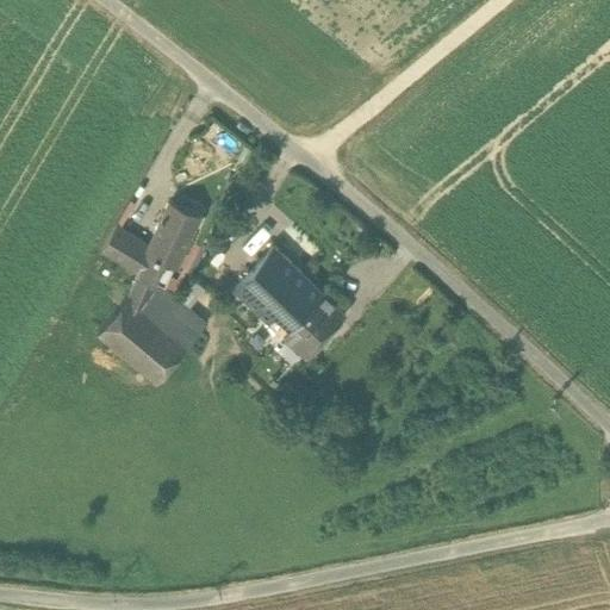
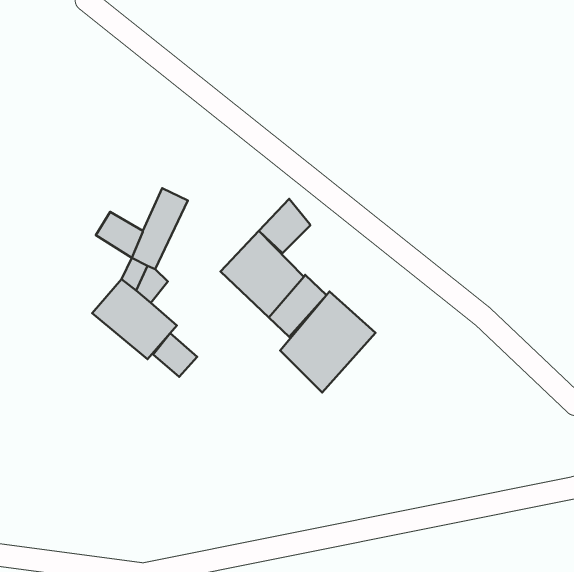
building: none -> [259,199,310,253]
building: [161,301,207,348] -> [153,333,197,377]
building: none -> [280,291,375,393]

